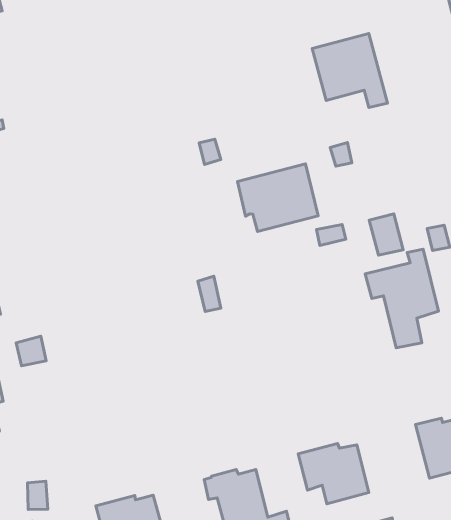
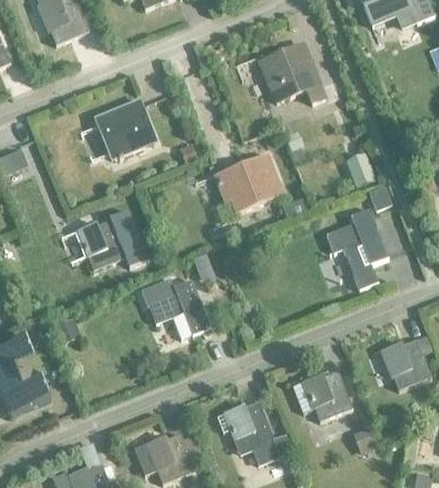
building: none -> [95,99,155,158]
building: none -> [74,208,146,269]
building: [369,214,403,255] -> [344,154,374,188]
building: none -> [140,276,209,335]

